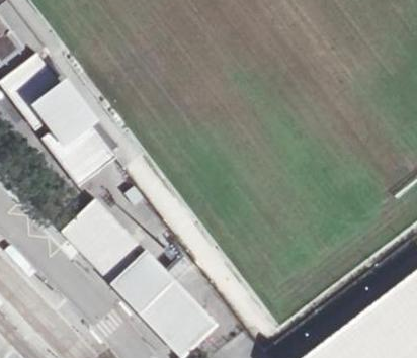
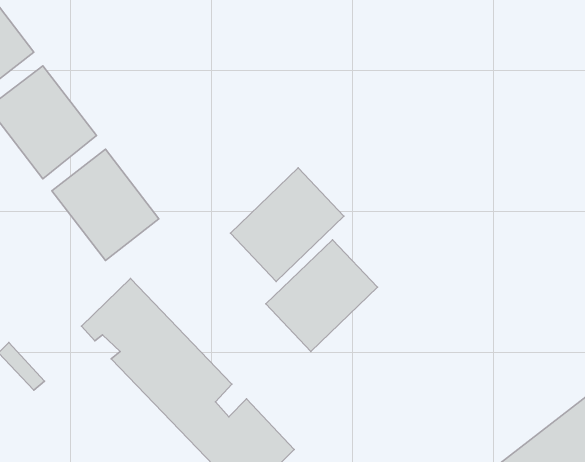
building: none -> [231,168,344,281]
building: none -> [266,240,377,351]

